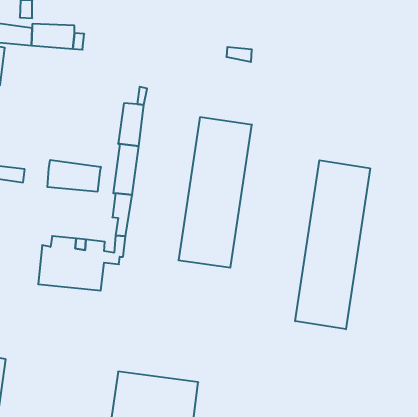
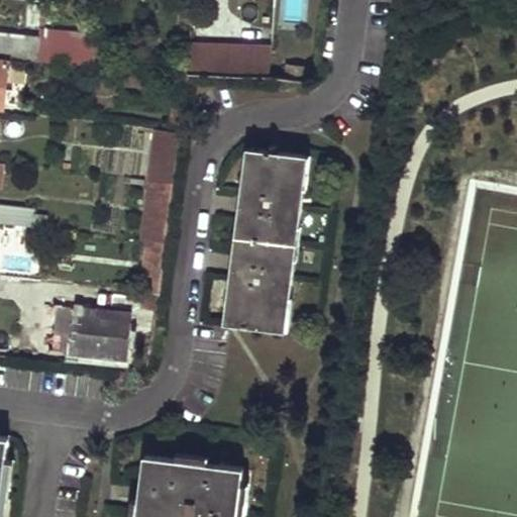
building: none -> [184,44,270,75]
building: [47,160,101,192] -> none
building: [295,160,370,329] -> none

